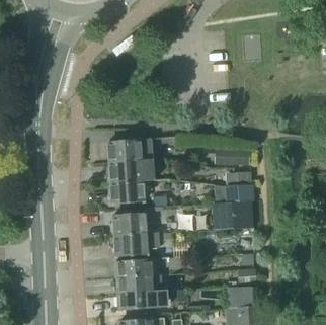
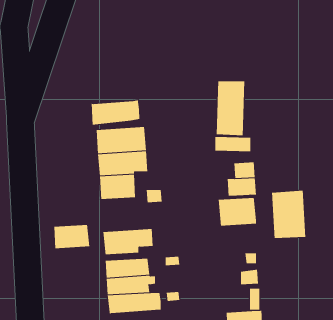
building: none -> [216,81,245,136]
building: none -> [91,100,140,125]
building: none -> [272,190,306,239]
building: [111,212,145,234] -> [53,224,90,249]

